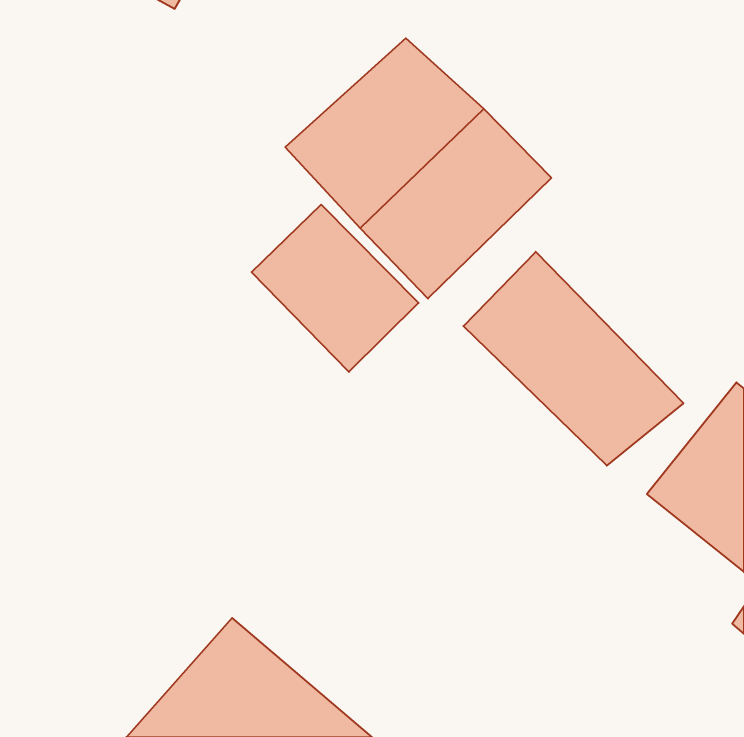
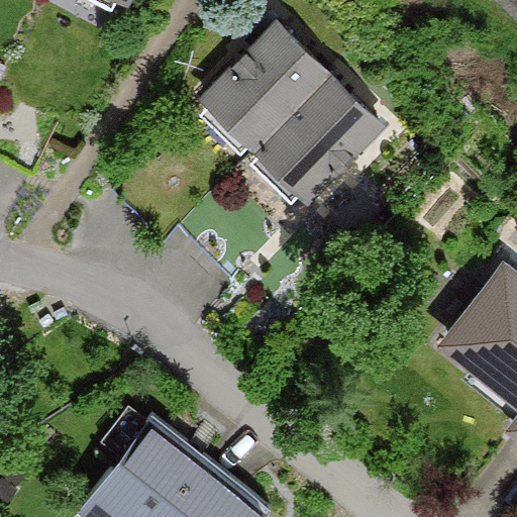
building: [252,205,419,372] -> none
building: [463,252,683,466] -> none

